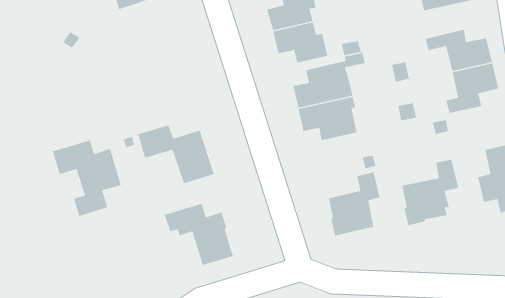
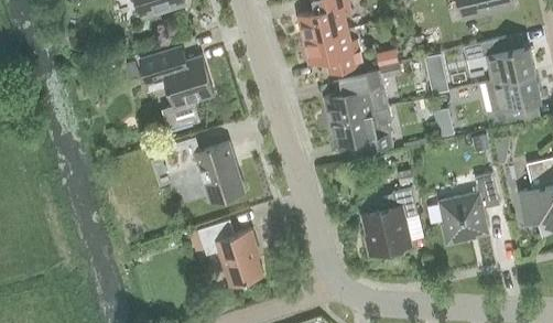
building: [52,139,122,217] -> [140,47,214,129]

